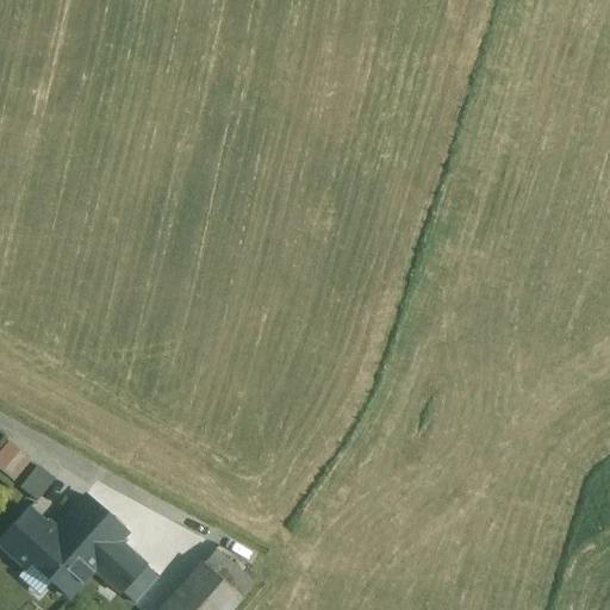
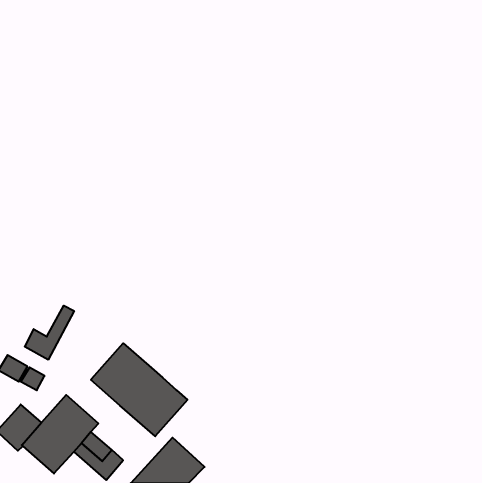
building: none -> [25,306,74,360]
building: none -> [91,343,187,436]

